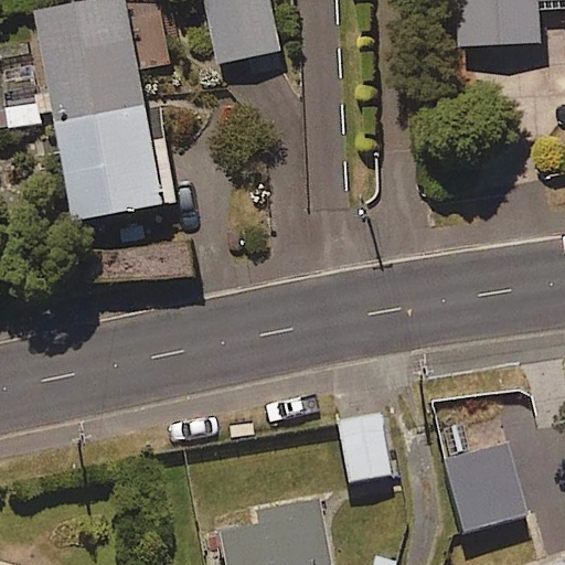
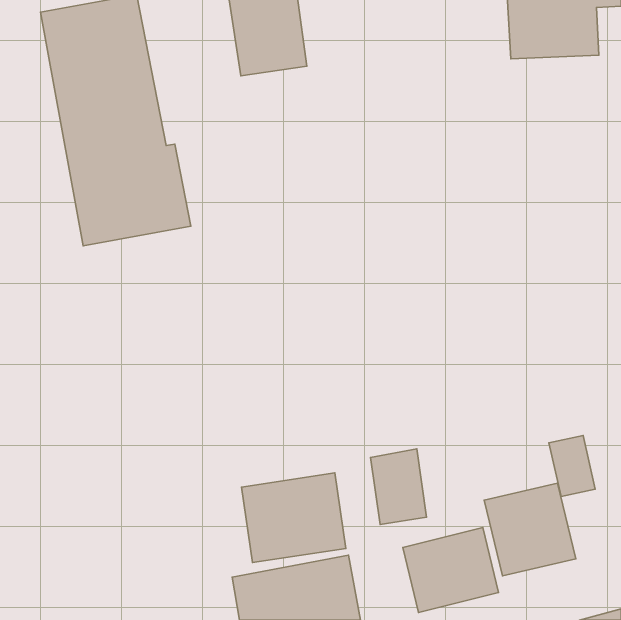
building: none -> [242,473,346,563]
building: none -> [403,527,499,612]

